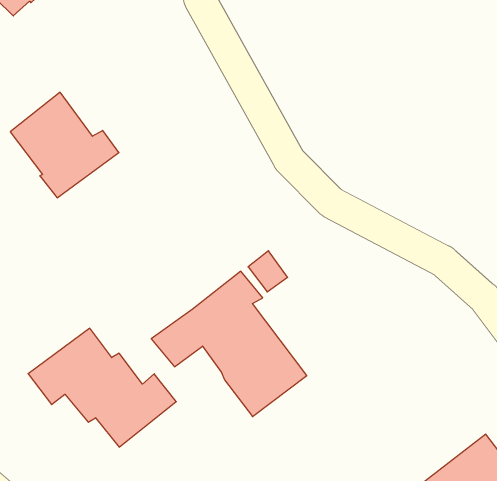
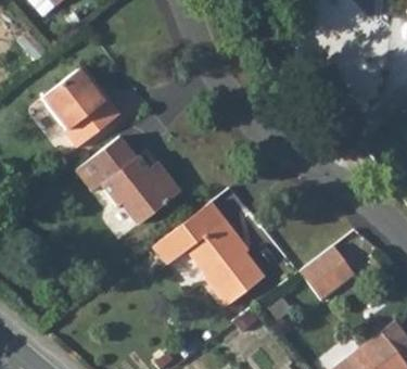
building: [28,328,176,447] -> [74,137,183,225]
building: none -> [298,245,353,297]

